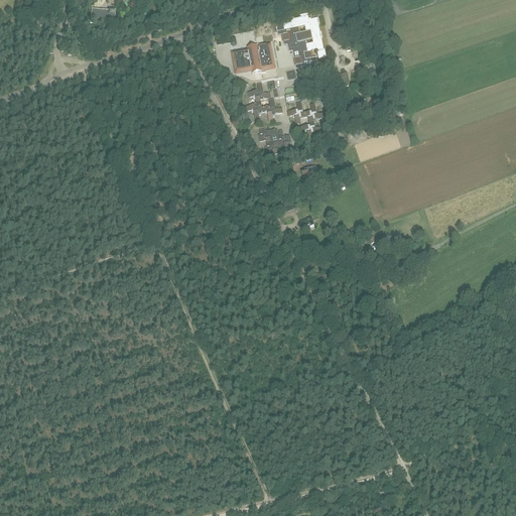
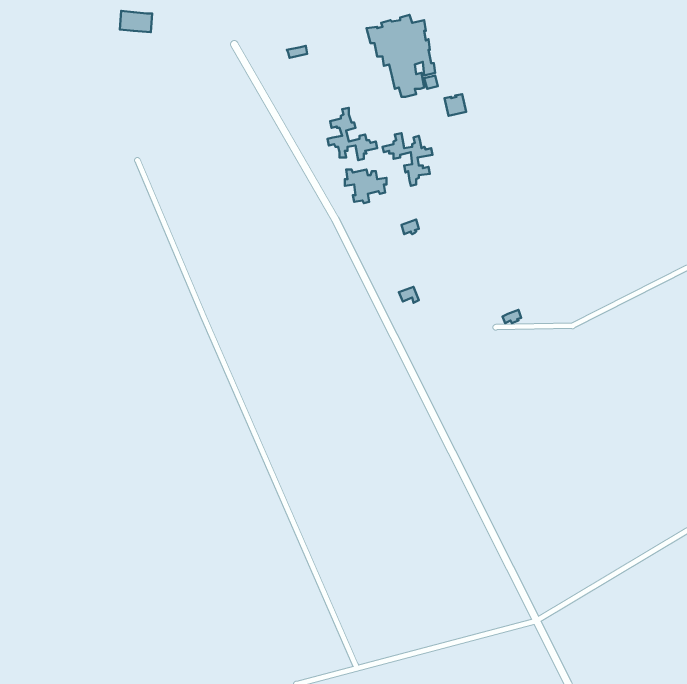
building: [231,41,274,72] -> none

